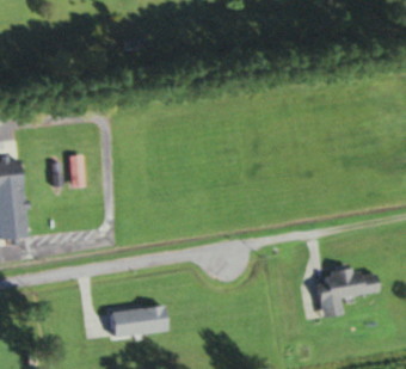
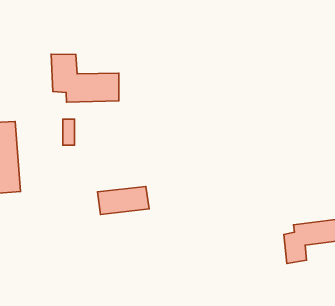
building: none -> [51,54,119,102]
building: [111,307,168,338] -> [97,186,149,214]

